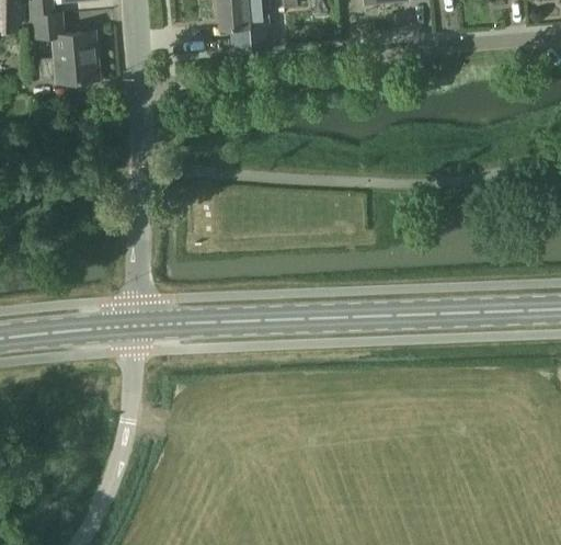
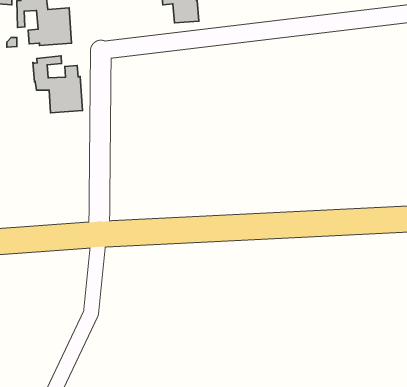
building: none -> [33,56,82,113]

